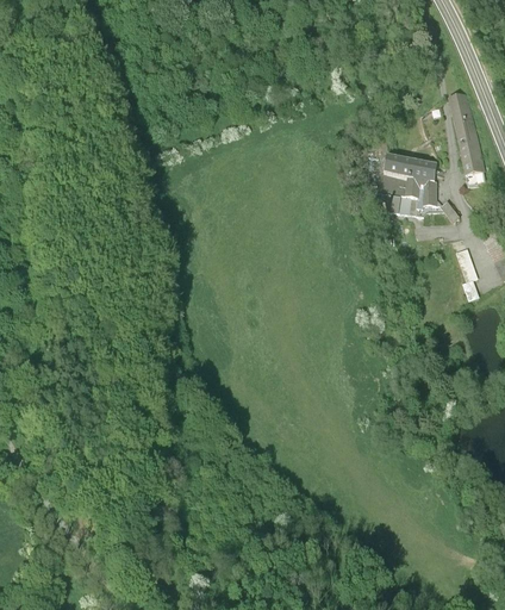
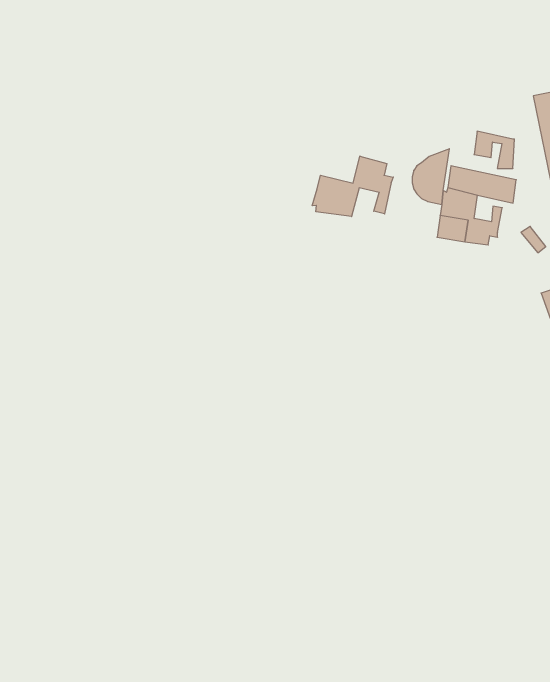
building: none -> [312,156,393,217]
building: [406,175,437,204] -> [474,131,514,168]

